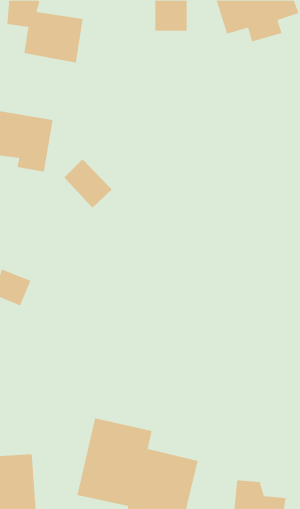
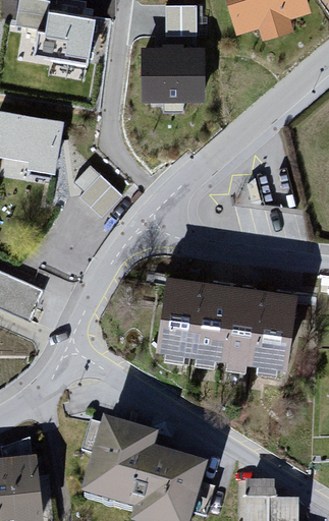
building: none -> [136,46,203,106]
building: none -> [157,278,297,371]

